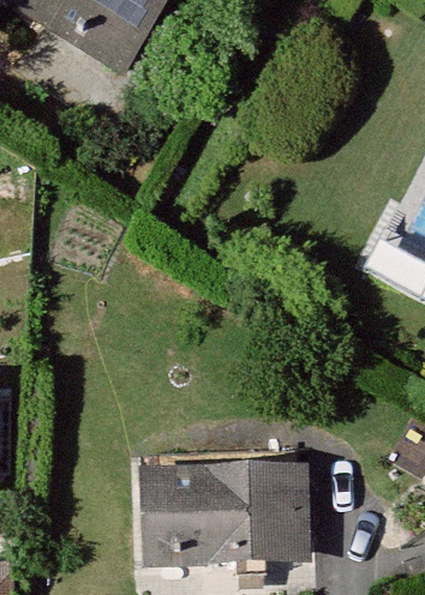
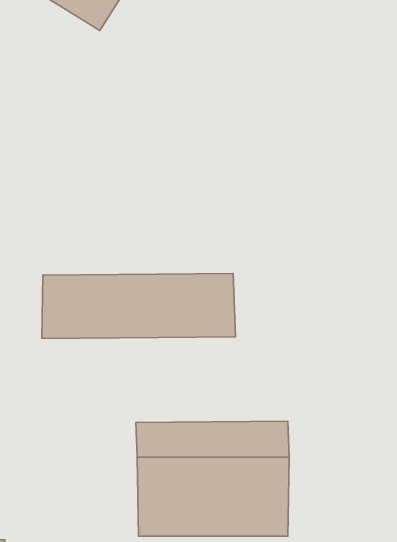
building: none -> [42,274,235,338]

